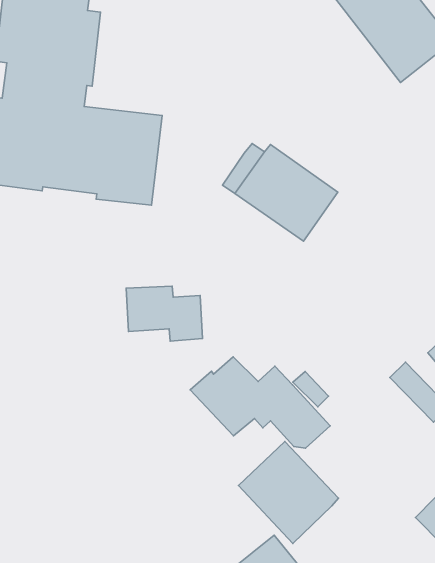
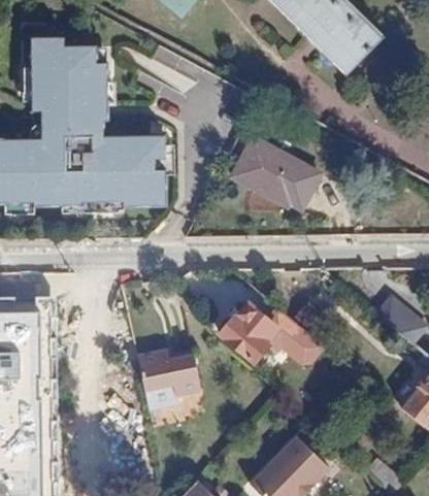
building: [126,286,203,341] -> [136,355,200,397]
building: [239,442,339,543] -> none

